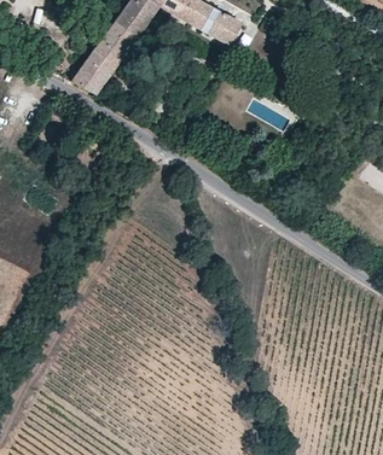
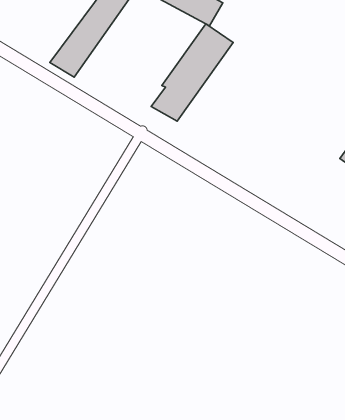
building: none -> [151,24,233,121]

